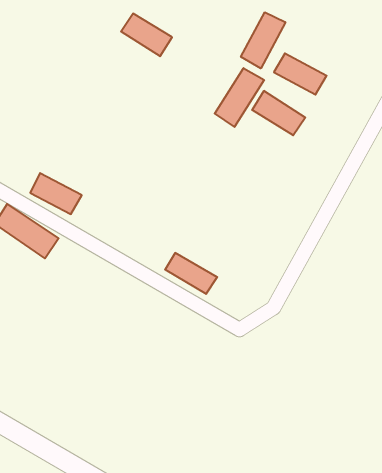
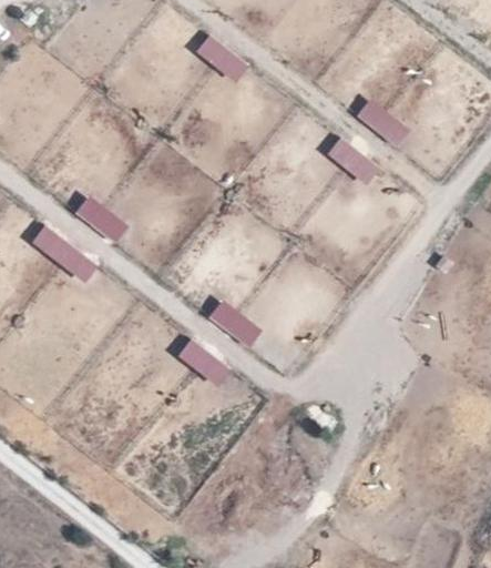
building: [241,12,285,68] -> none
building: [215,68,264,127] -> none
building: none -> [176,336,231,388]

